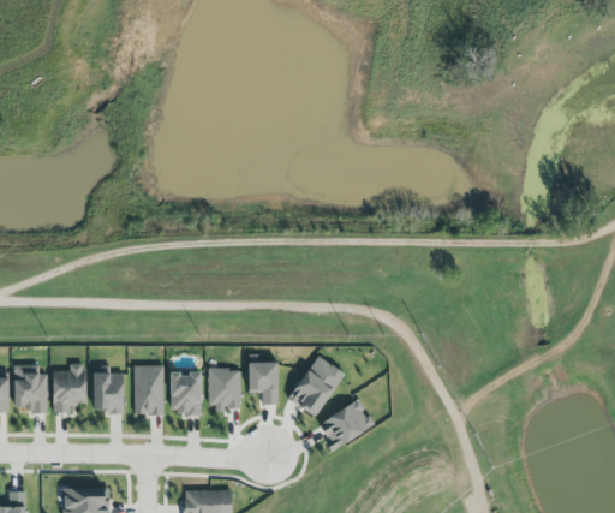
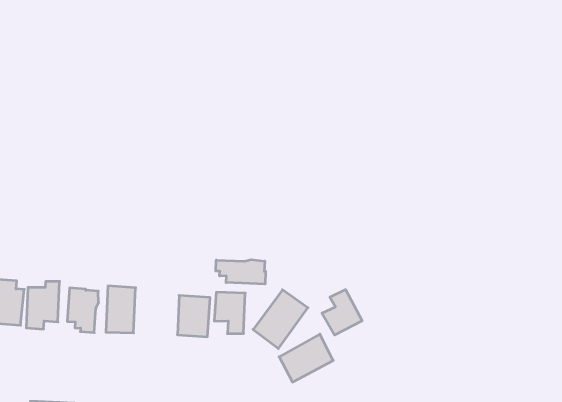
building: none -> [216,260,266,284]
building: none -> [322,290,362,335]
building: [169,372,201,416] -> none

